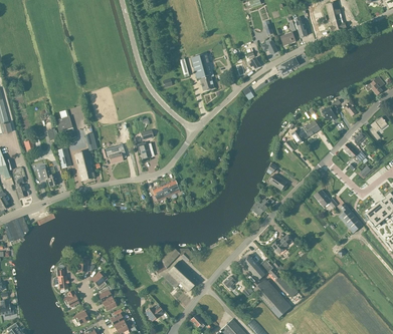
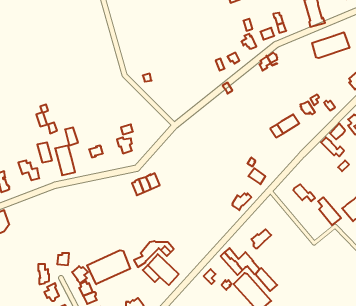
building: none -> [312,32,349,58]
building: [190,53,214,90] -> none
building: none -> [87,250,130,284]

